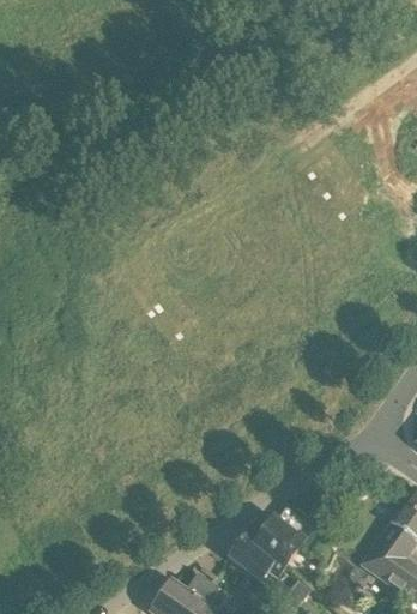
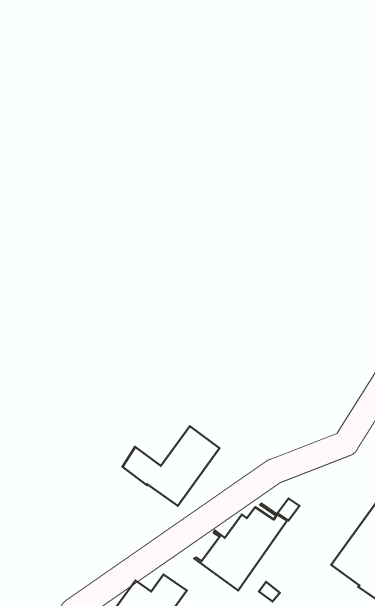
building: none -> [122,426,220,506]

